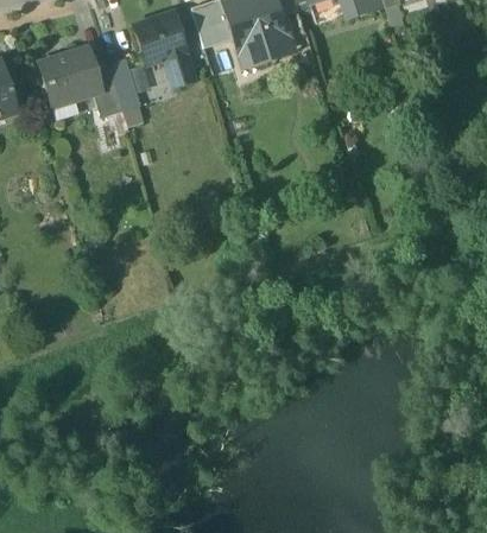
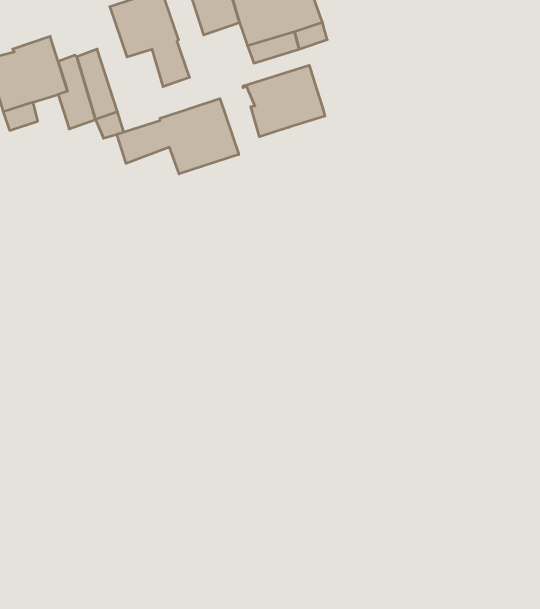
building: none -> [243,65,325,137]
building: none -> [117,99,239,174]

